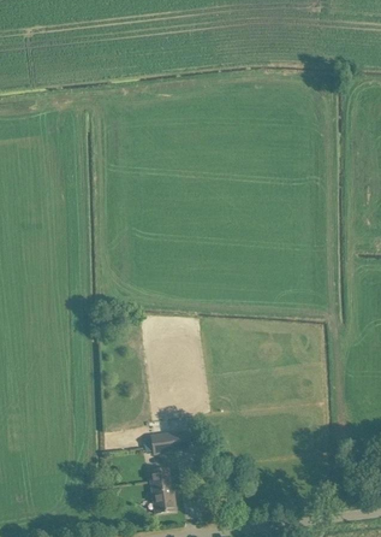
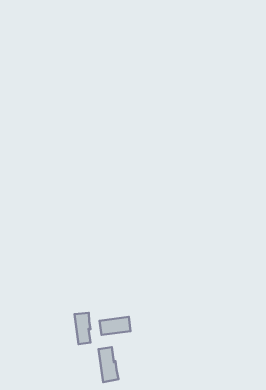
building: none -> [75,313,91,344]

